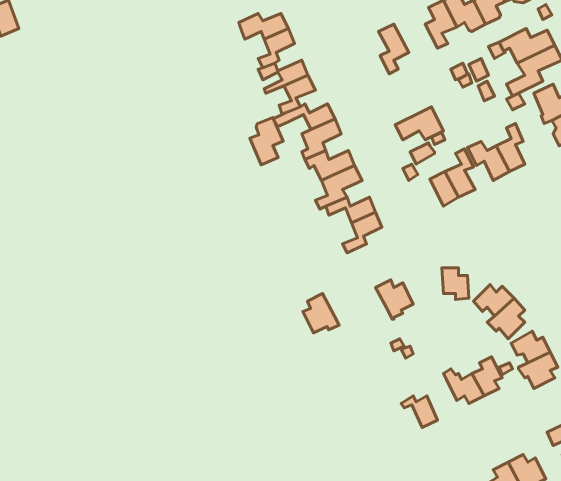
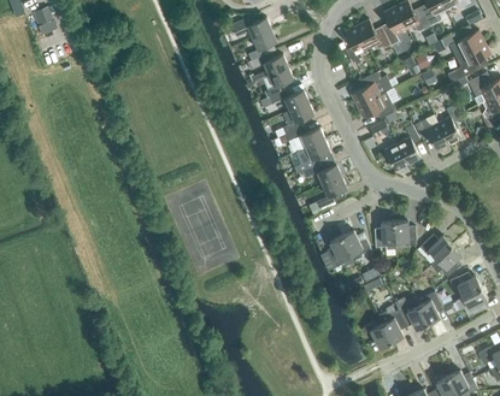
building: none -> [355,19,390,49]
building: none -> [351,71,392,106]
building: [250,118,283,165] -> none
building: none -> [373,220,395,249]
building: [303,294,339,333] -> [325,236,354,267]
building: none -> [377,309,406,342]

